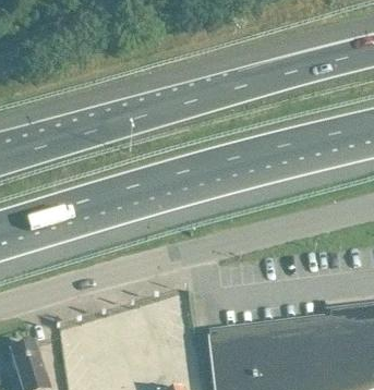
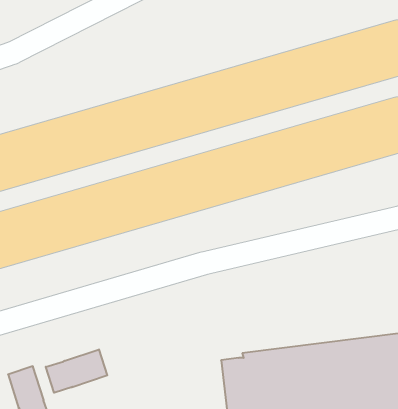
building: none -> [46,349,107,393]

